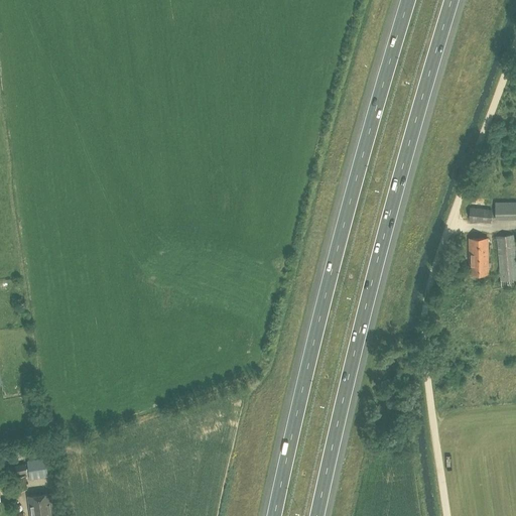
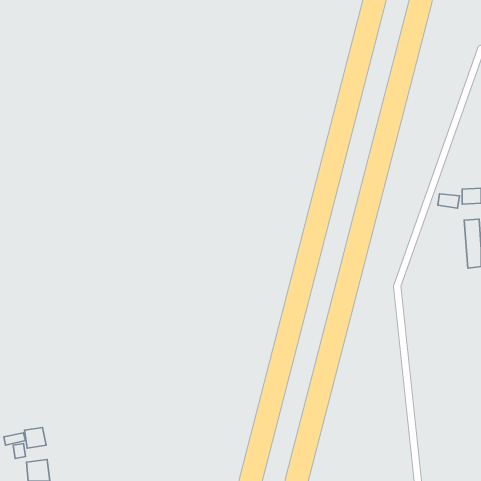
building: [470,238,490,274] -> none

